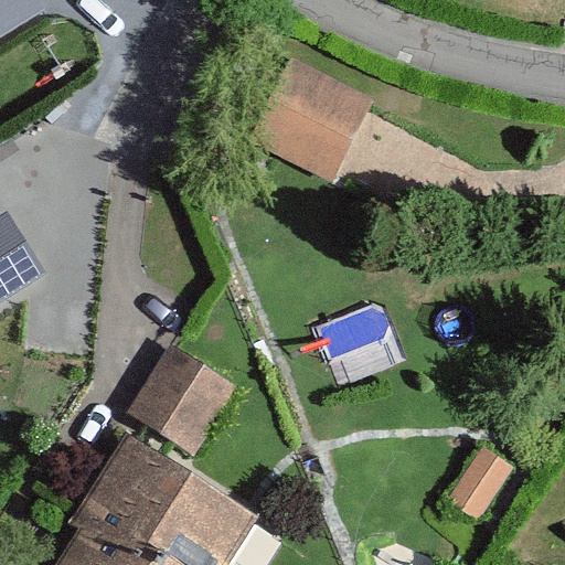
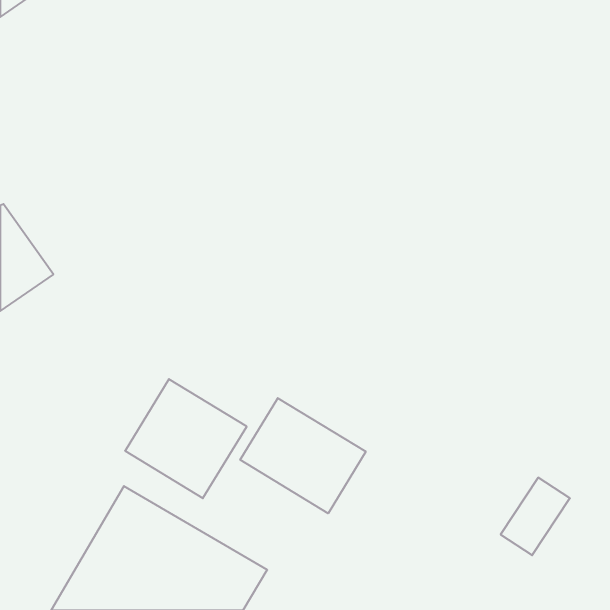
building: [249,62,370,180] -> none
building: none -> [240,398,366,513]

